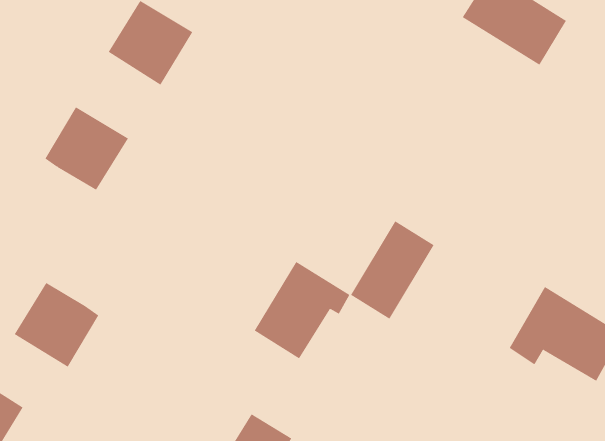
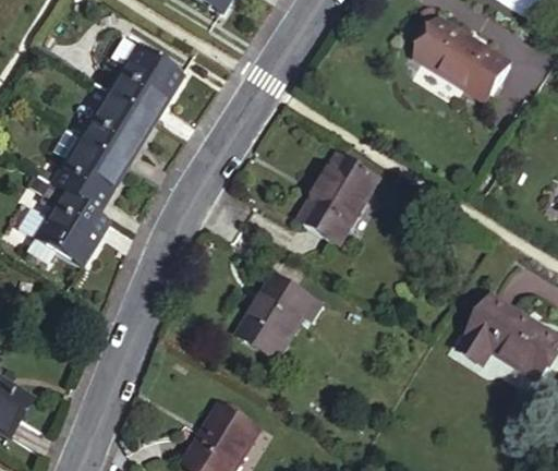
building: none -> [78,88,154,165]
building: [350,220,434,319] -> [298,153,372,240]
building: [14,282,99,368] -> [34,190,109,265]

